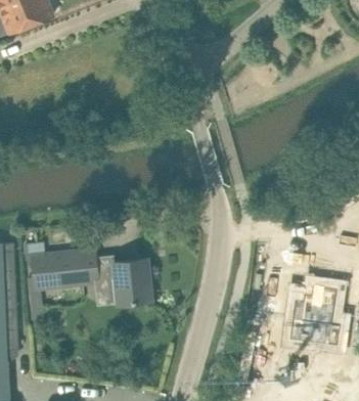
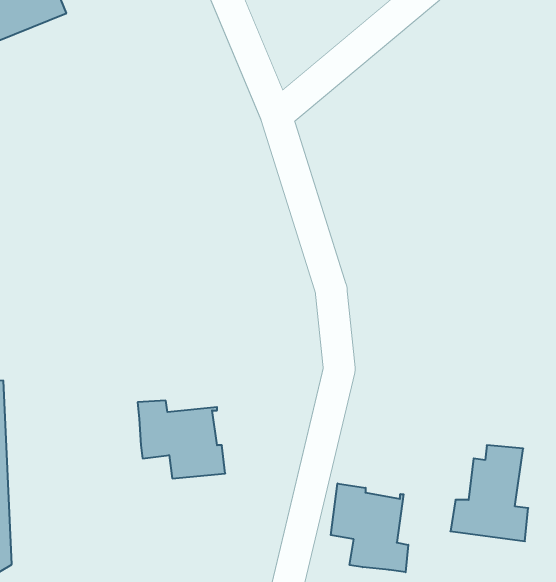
building: [24,242,97,337] -> none
building: none -> [331,483,408,572]

